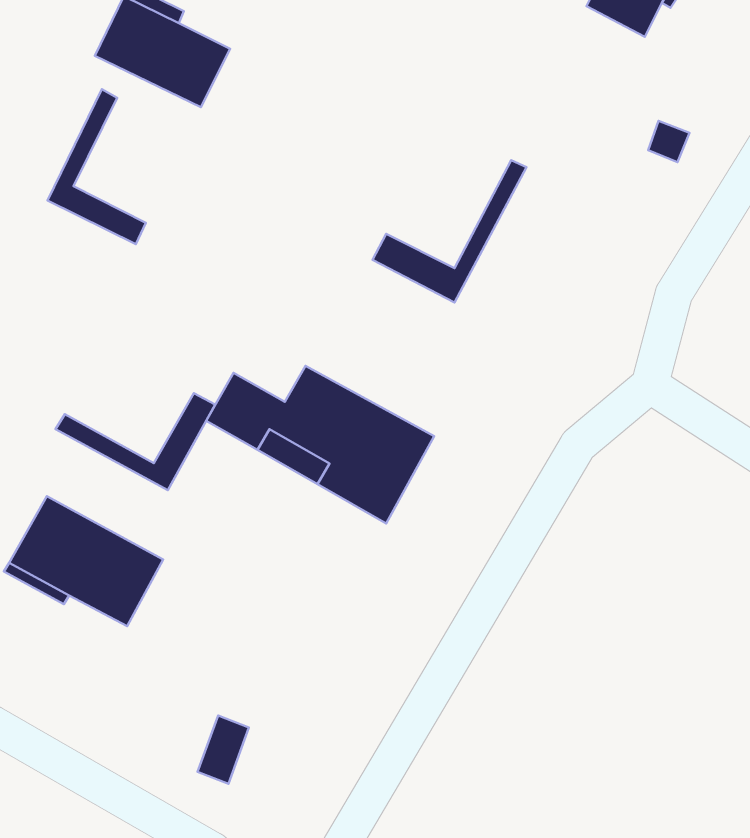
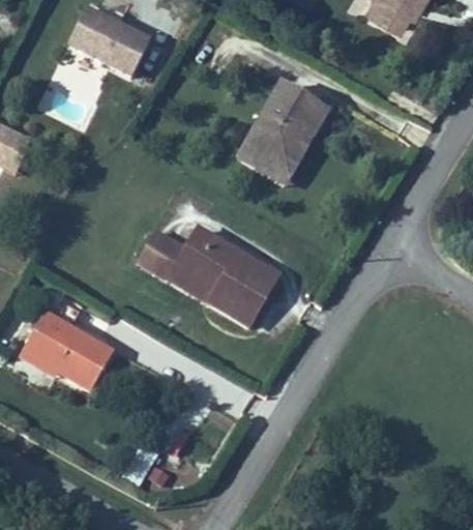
building: [48,89,146,244] -> none
building: none -> [245,83,321,170]
building: [56,393,215,490] -> none

